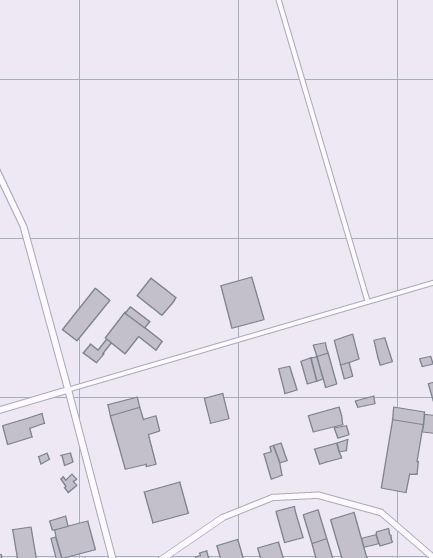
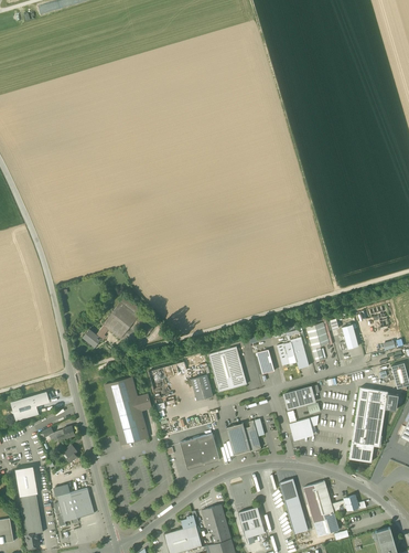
building: [221,277,264,328] -> [208,347,247,392]
building: [137,278,176,315] -> none
building: [62,288,110,341] -> none
building: [144,482,189,523] -> [180,433,219,469]
building: none -> [14,466,37,496]
building: [276,507,303,543] -> [226,423,250,455]

